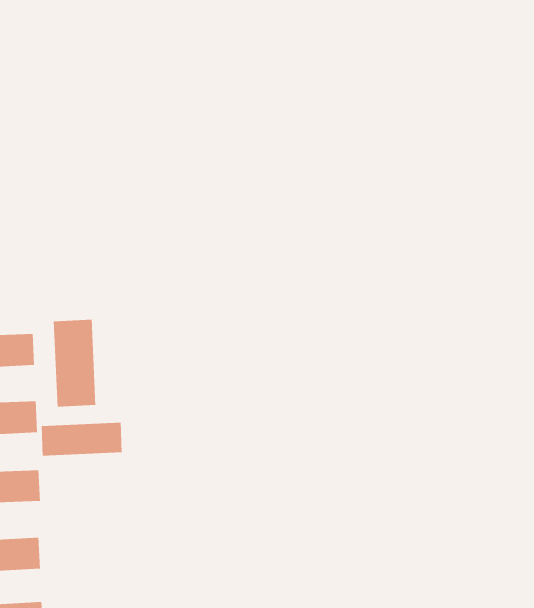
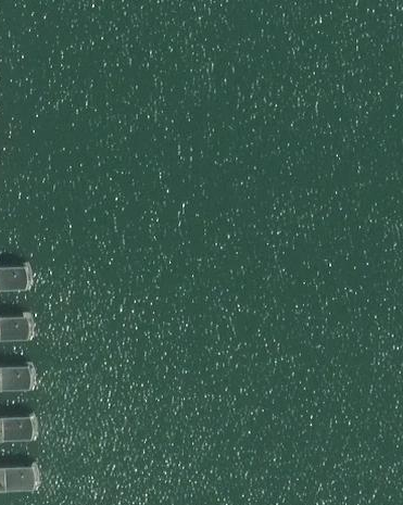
building: [53,319,96,408] -> none
building: [41,422,123,456] -> none

